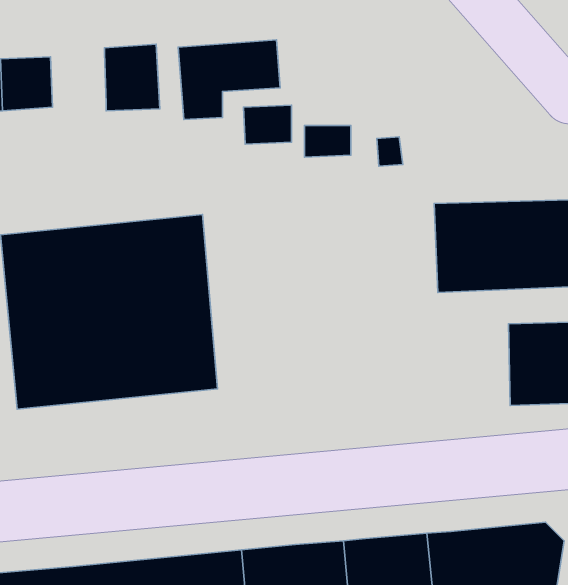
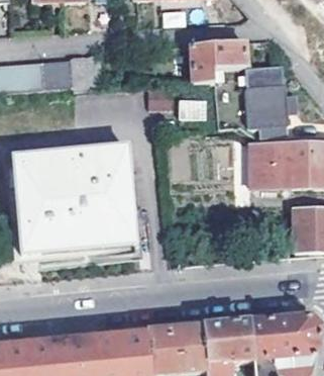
building: [178,40,280,119] -> [189,40,244,84]
building: none -> [40,59,71,88]
building: none -> [245,74,294,136]

